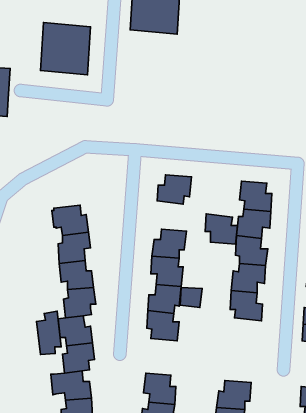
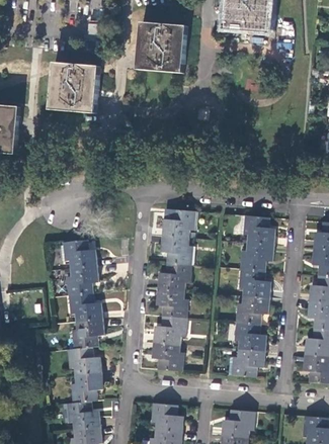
building: [205,214,238,244] -> [162,235,193,264]
building: [37,311,61,355] -> none
building: none -> [231,348,264,377]

